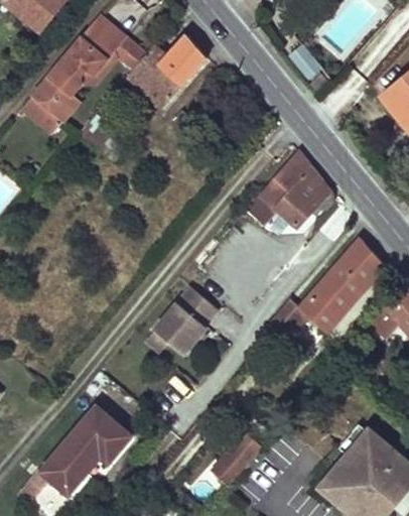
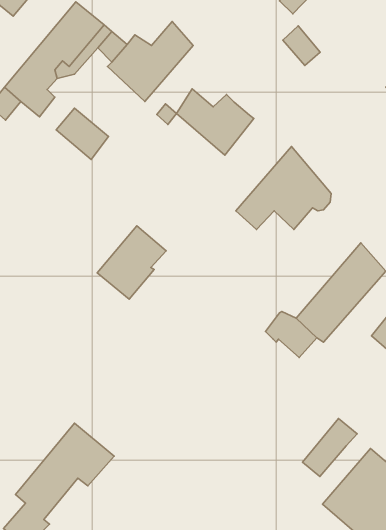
building: none -> [176,89,254,155]
building: [155,287,219,355] -> [97,226,166,299]
building: [217,428,267,482] -> [302,418,357,476]

